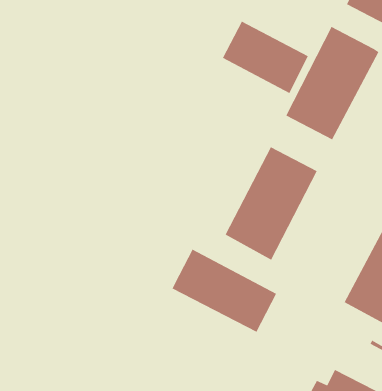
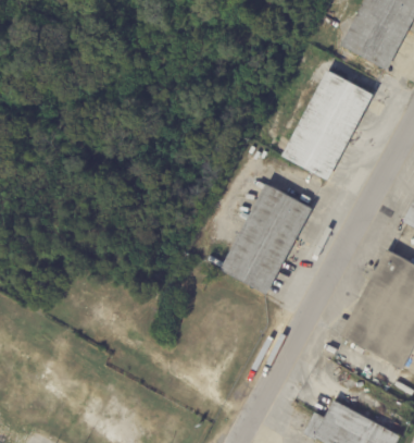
building: [222,20,309,94] -> none
building: [172,248,277,333] -> none

